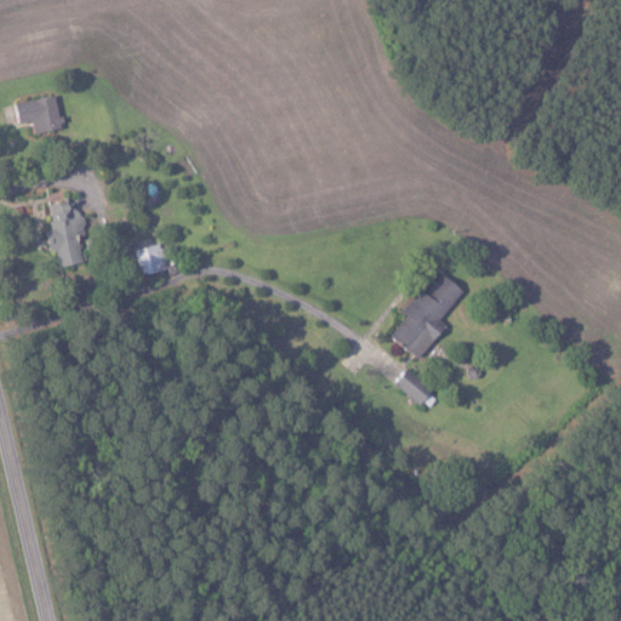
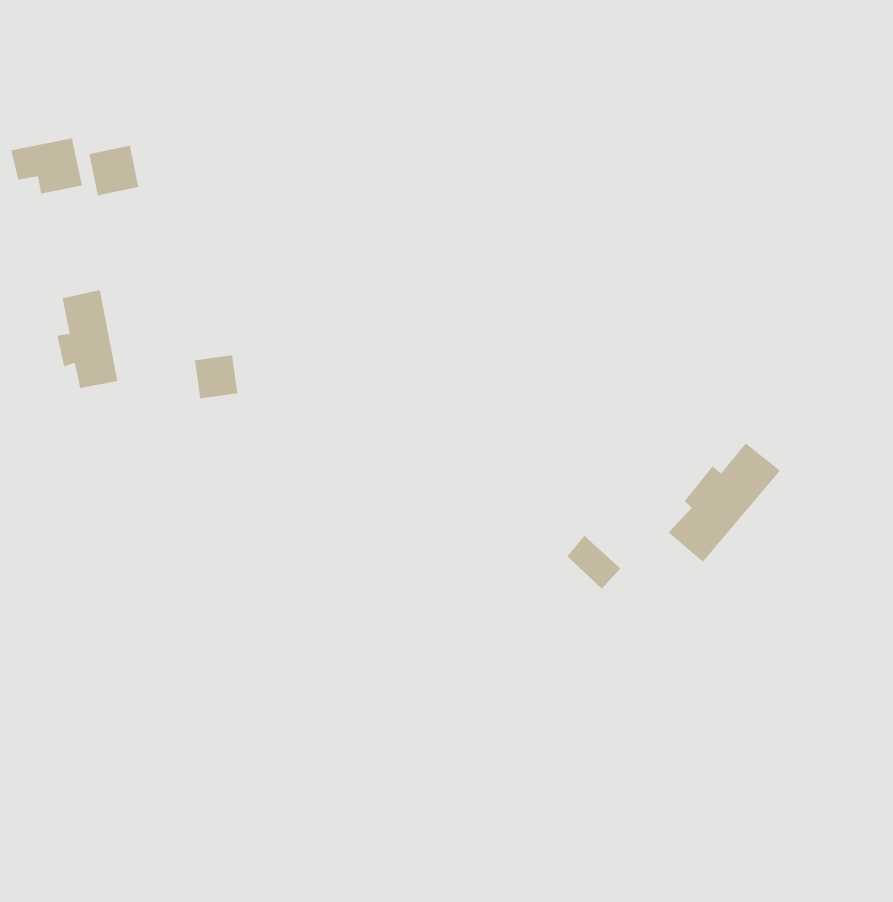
building: none -> [89,145,139,196]
building: [389,274,467,357] -> [668,442,781,563]

